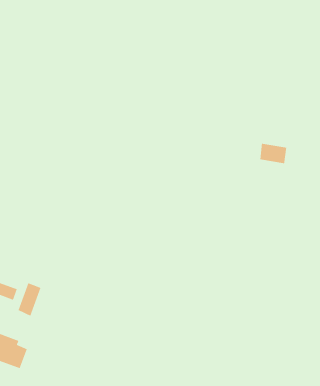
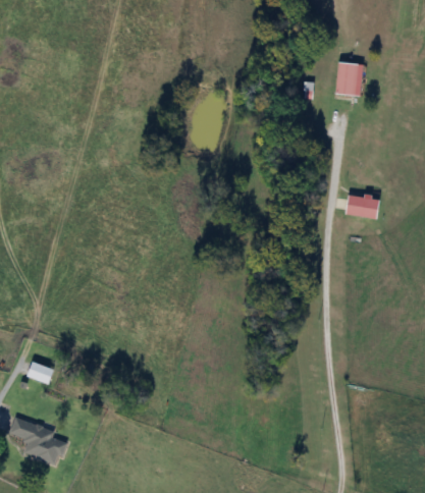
building: none -> [336,63,363,96]
building: [18,282,41,317] -> none

